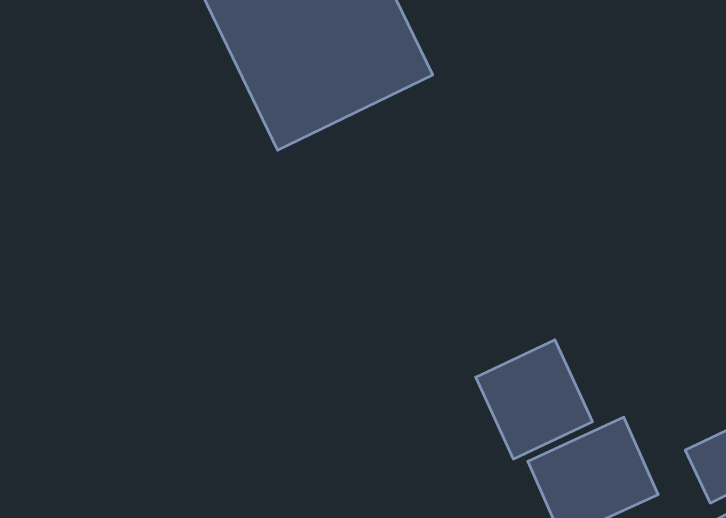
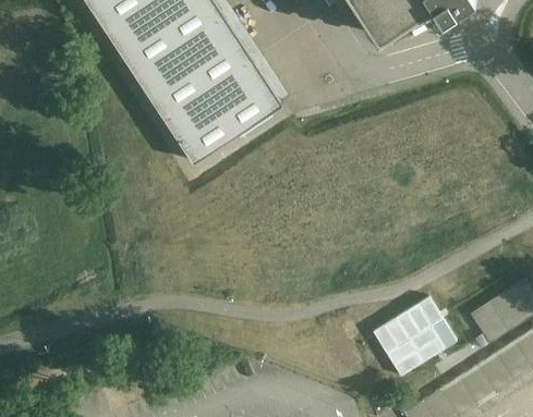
building: [476,340,592,459] -> none

